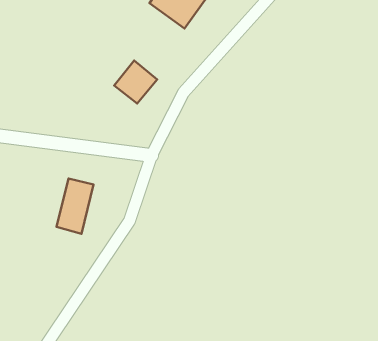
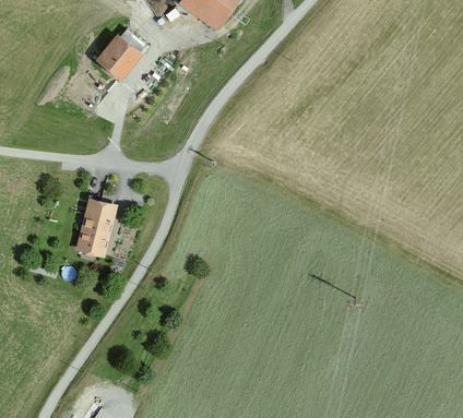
building: [114,61,157,104] -> [95,35,142,82]

